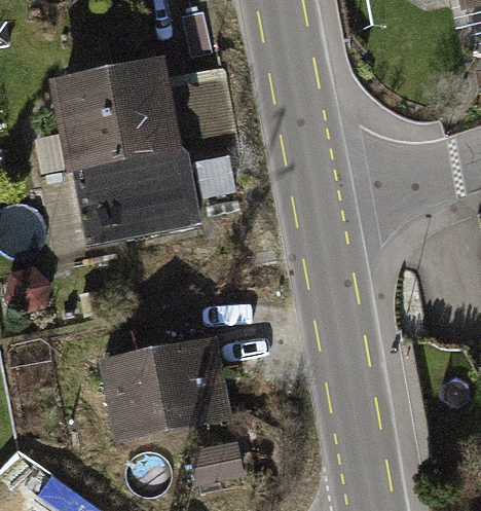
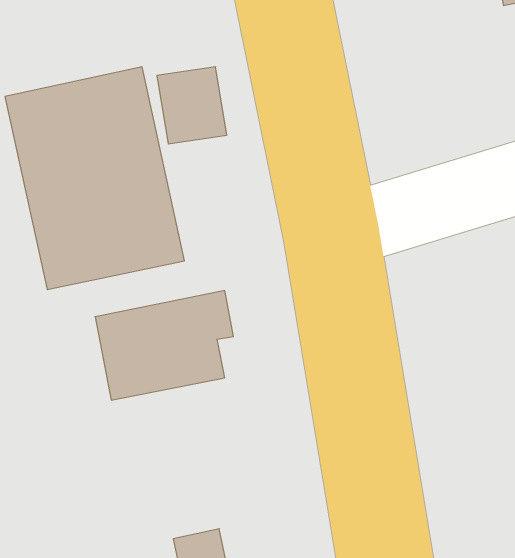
building: [104,338,218,429] -> [95,291,233,400]

